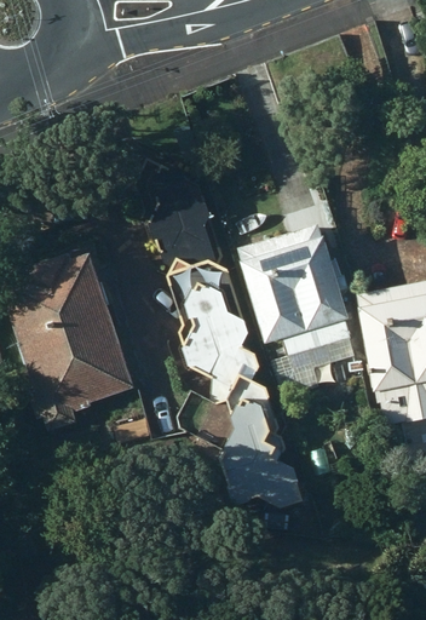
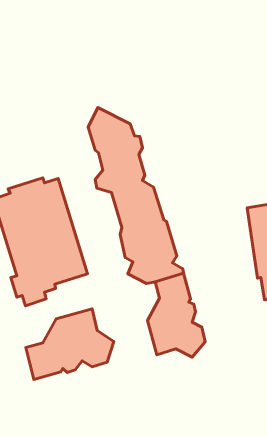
building: [237,225,355,374] -> none
building: none -> [26,309,114,379]

